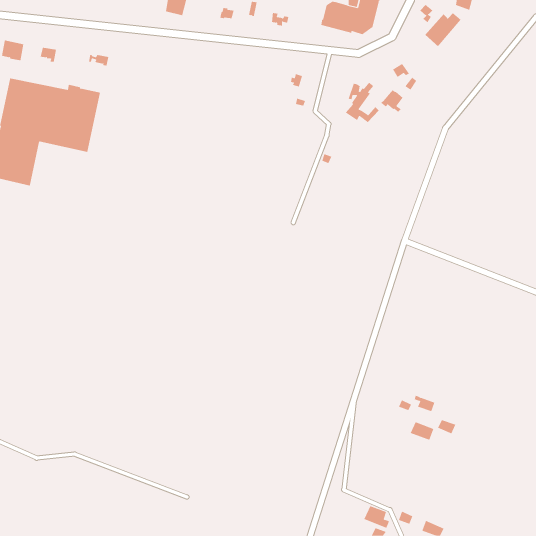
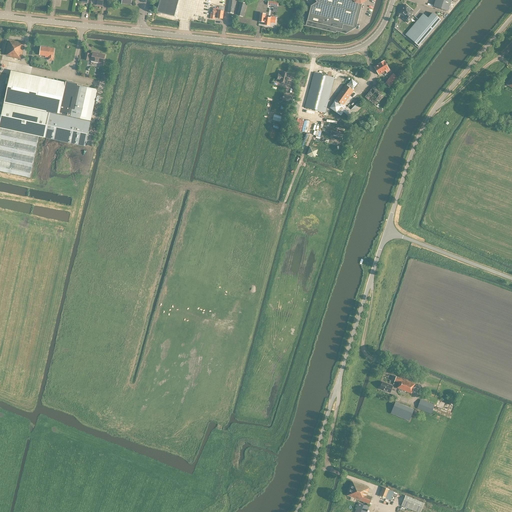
building: none -> [304,71,333,112]

